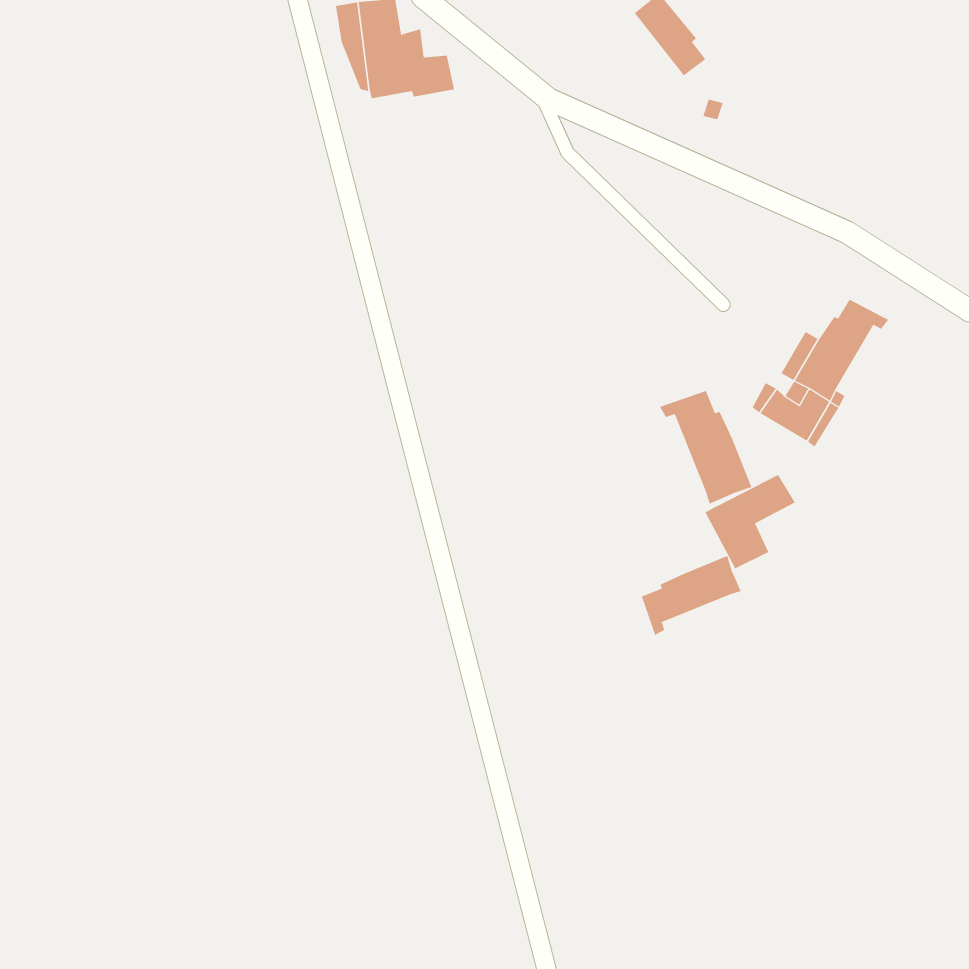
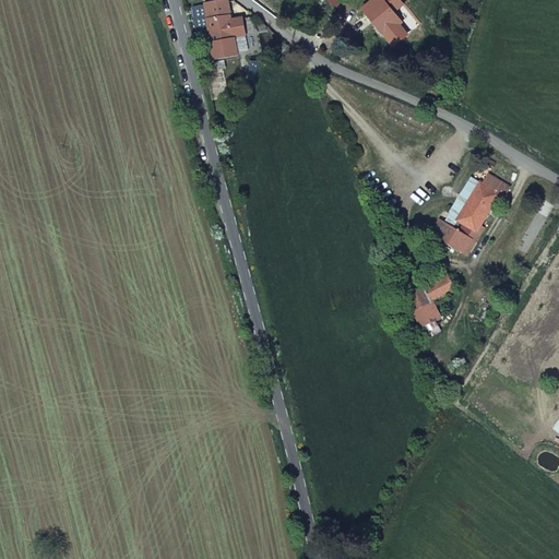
building: [659,390,752,504] -> none
building: [641,555,741,636] -> none

